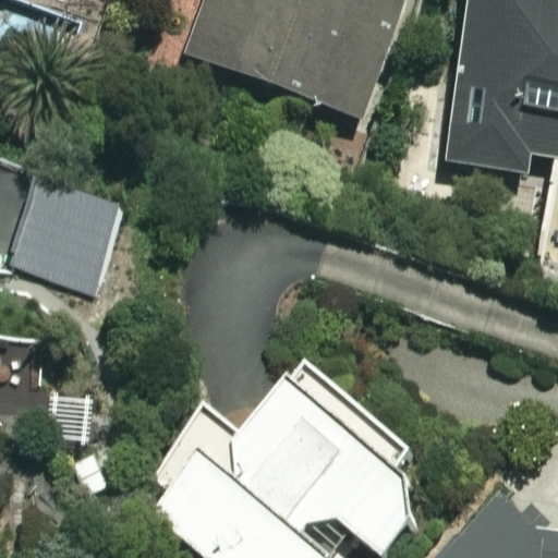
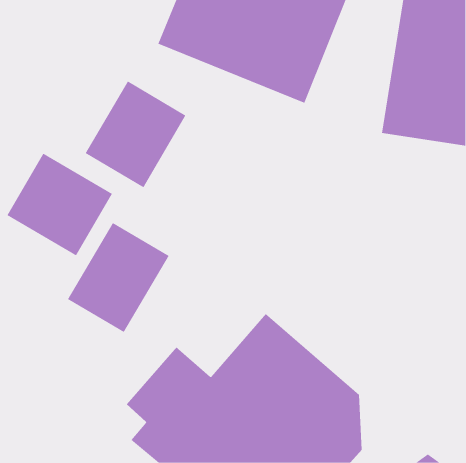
building: none -> [85,81,186,188]
building: none -> [67,222,170,333]

